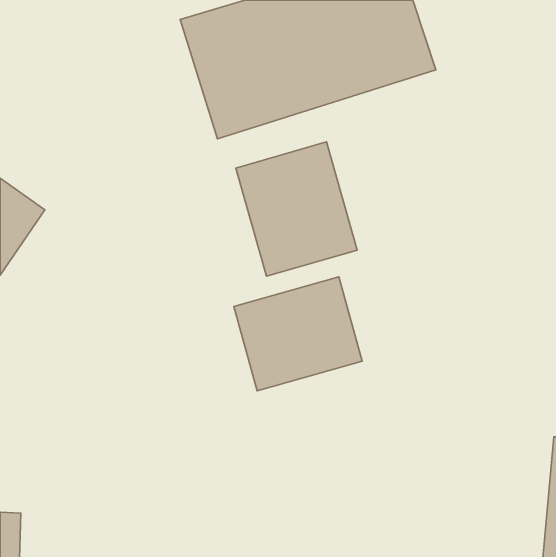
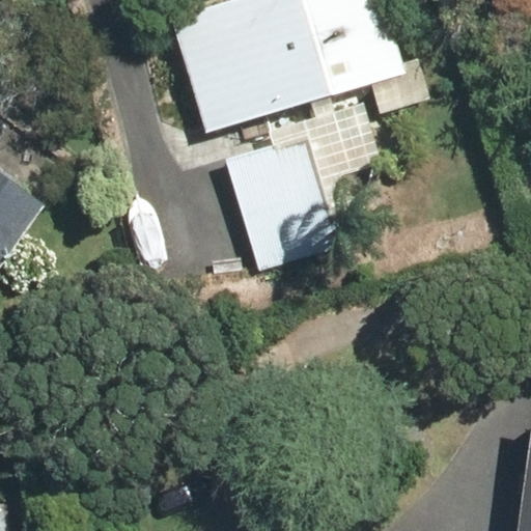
building: [234,277,362,391] -> none

